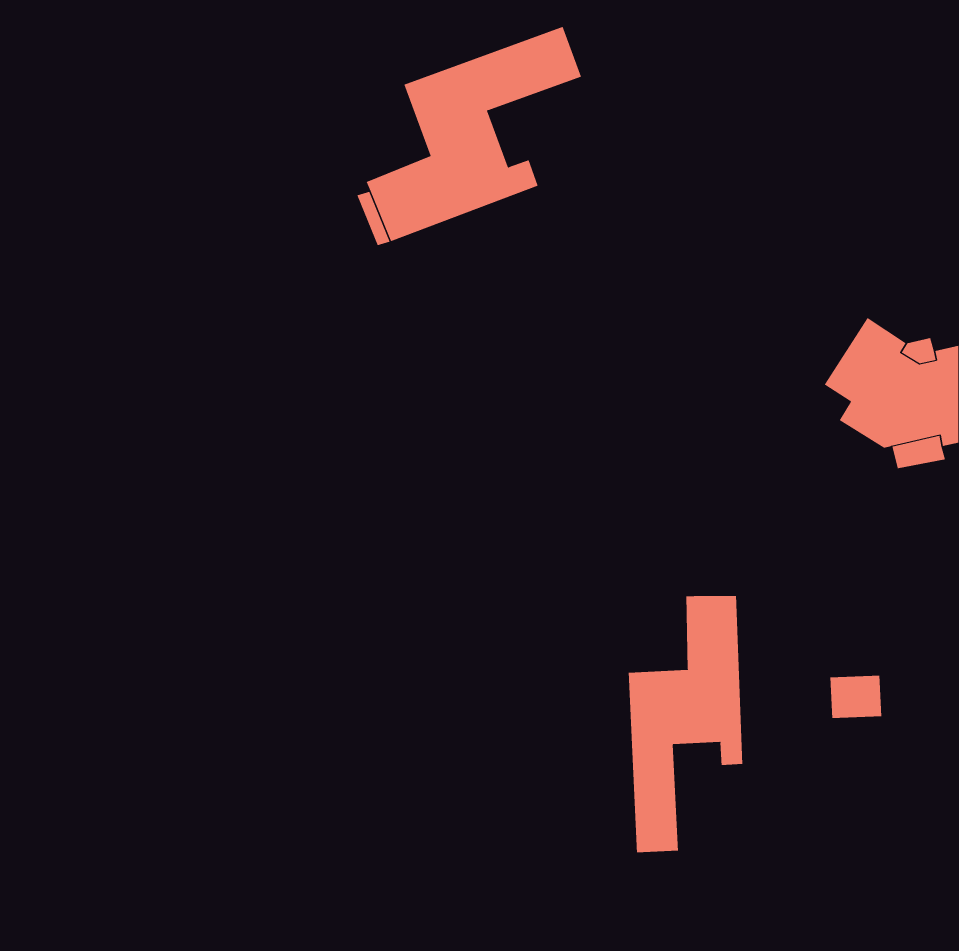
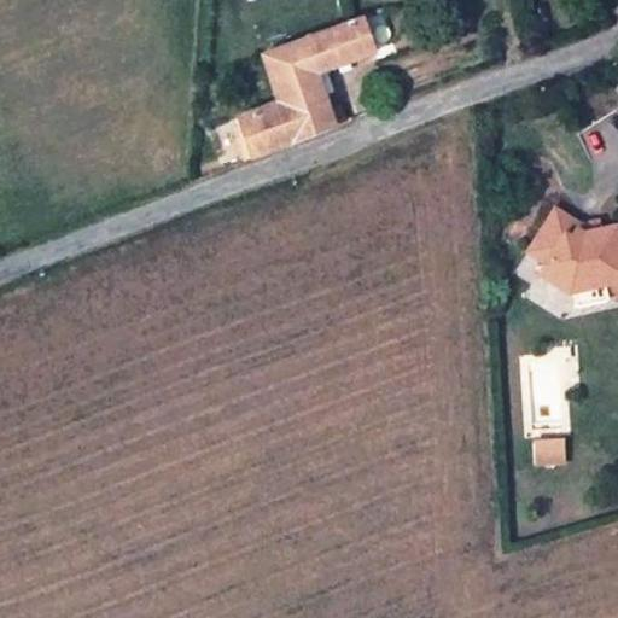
building: [628,595,743,853] -> none

